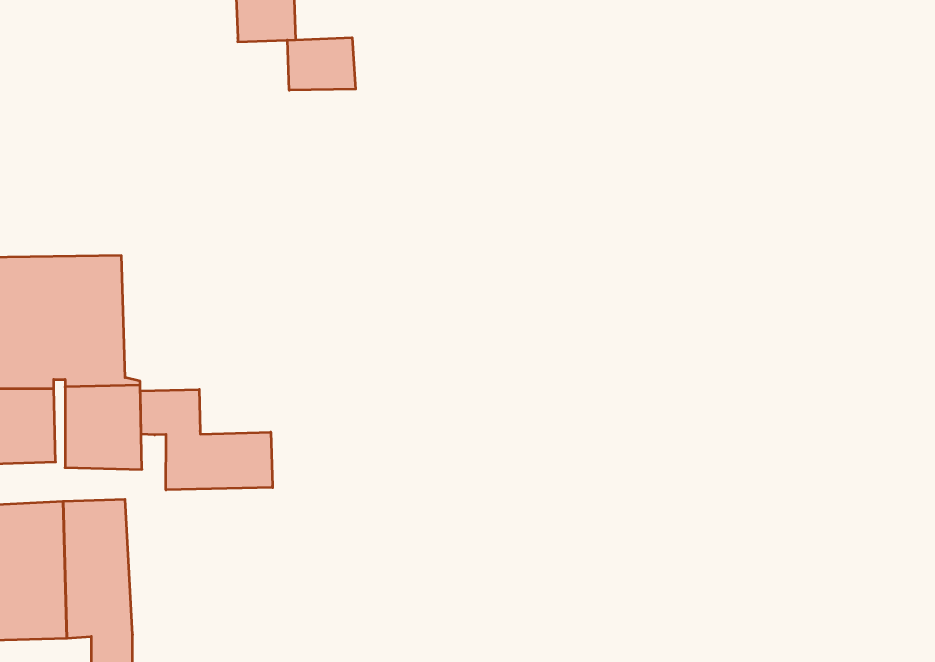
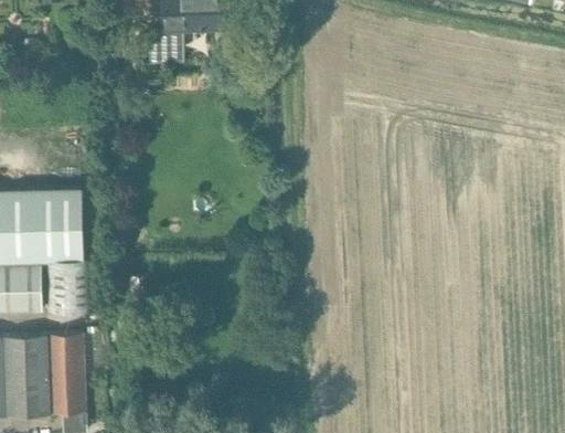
building: [287,38,356,90] -> none
building: [140,389,273,490] -> none

